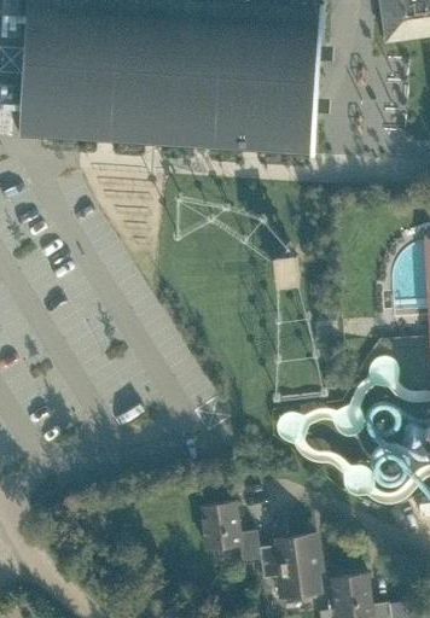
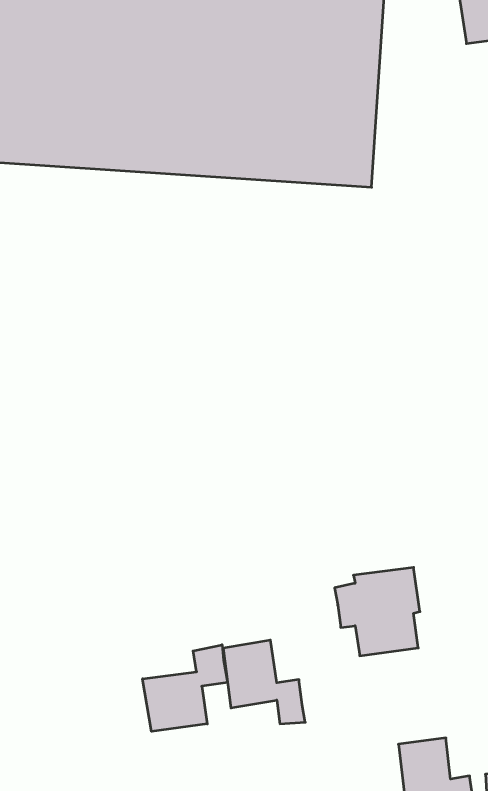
building: none -> [143,645,228,731]
building: [260,534,325,601] -> [335,567,420,656]

